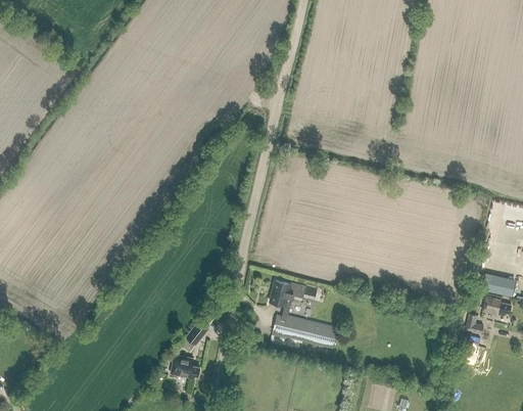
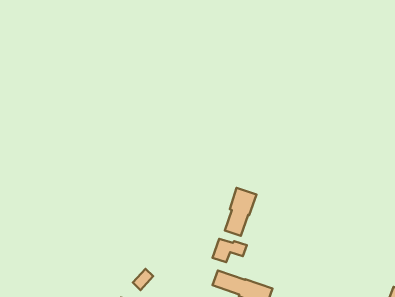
building: none -> [225,188,256,236]

